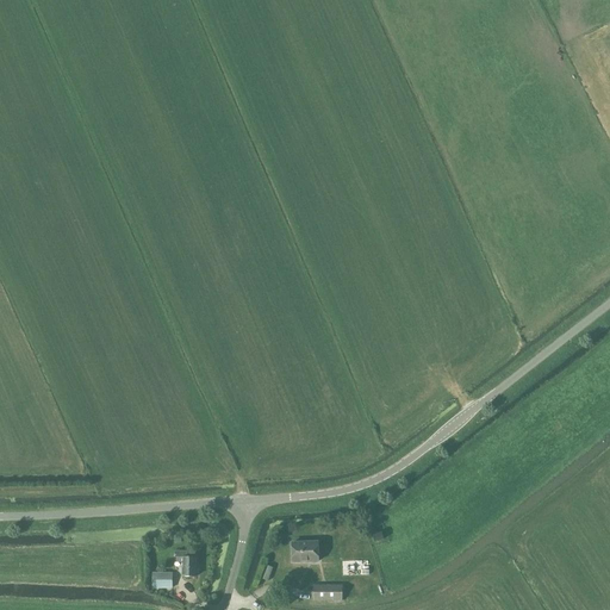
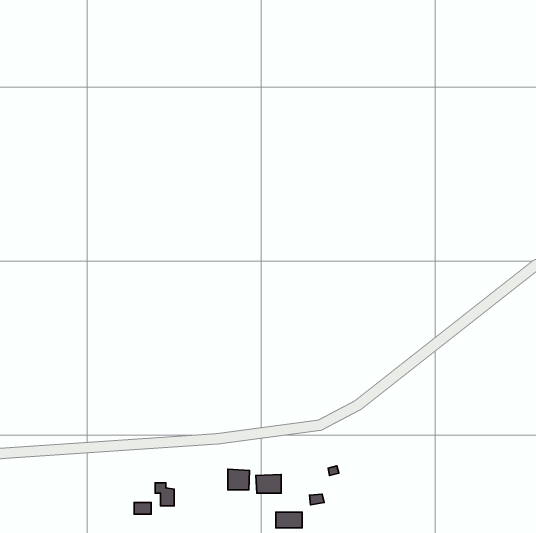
building: none -> [228,469,250,490]

